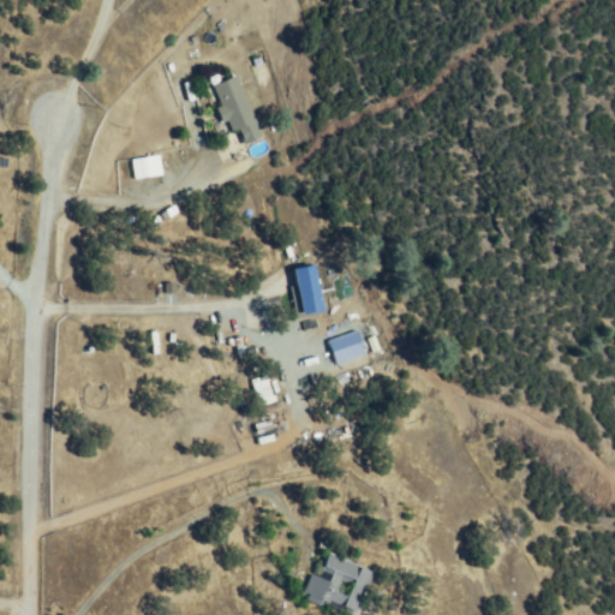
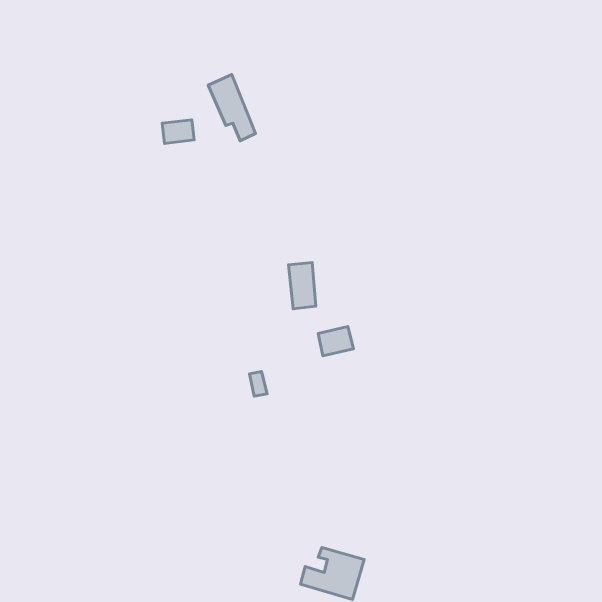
building: [127,154,160,178] -> [162,120,194,143]

